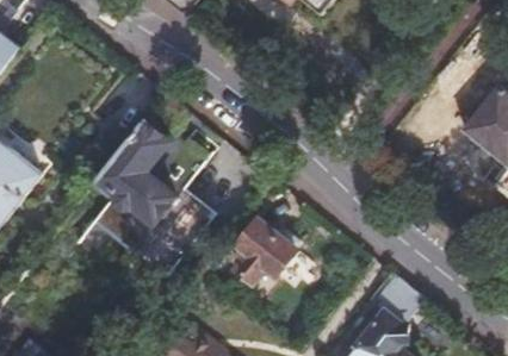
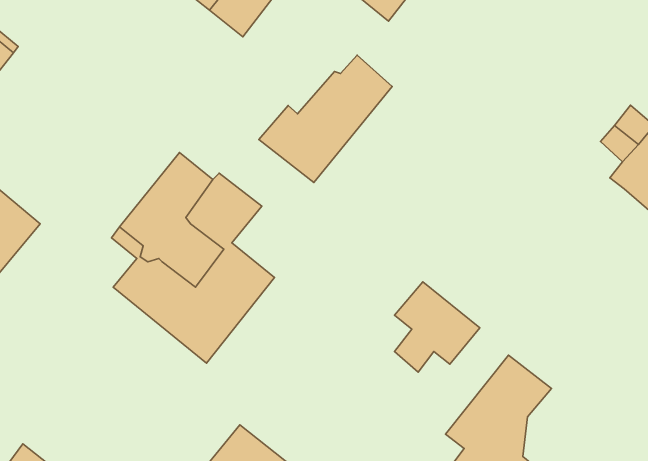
building: none -> [259,55,392,183]
building: [237,218,302,286] -> [394,282,480,372]

